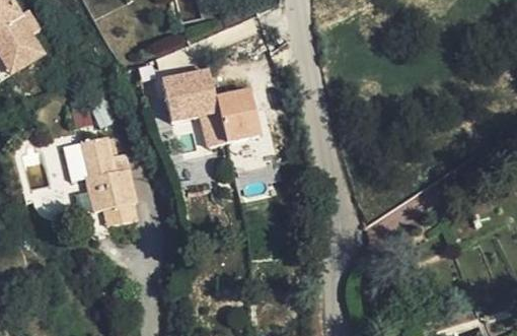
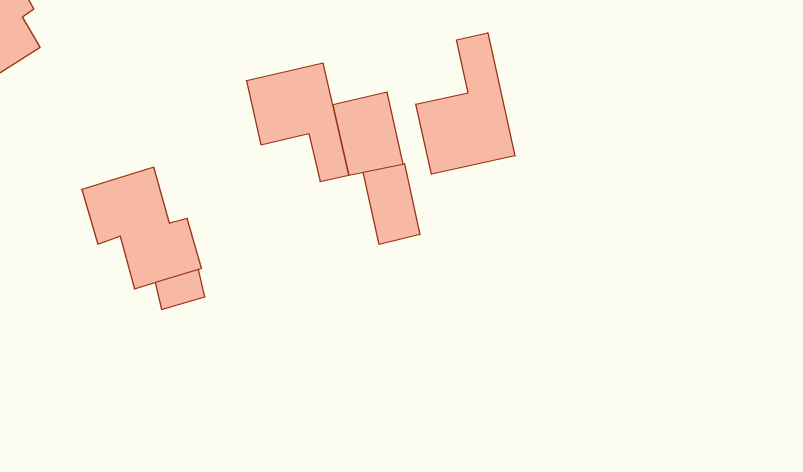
building: none -> [416,33,515,174]
building: none -> [363,164,420,244]

